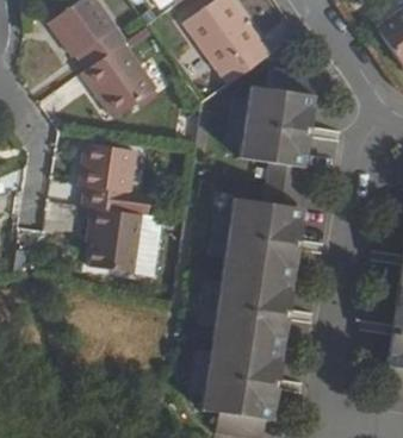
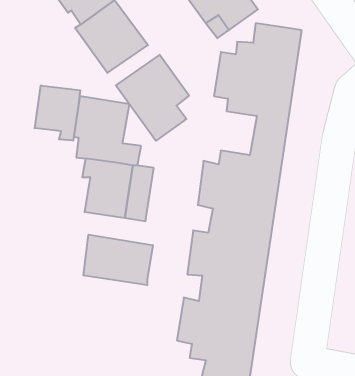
building: none -> [116,55,189,141]
building: none -> [35,85,80,141]
building: none -> [84,235,153,285]

